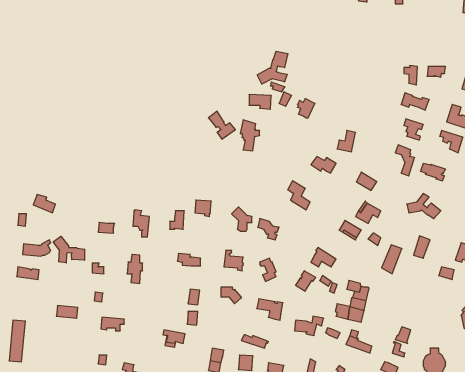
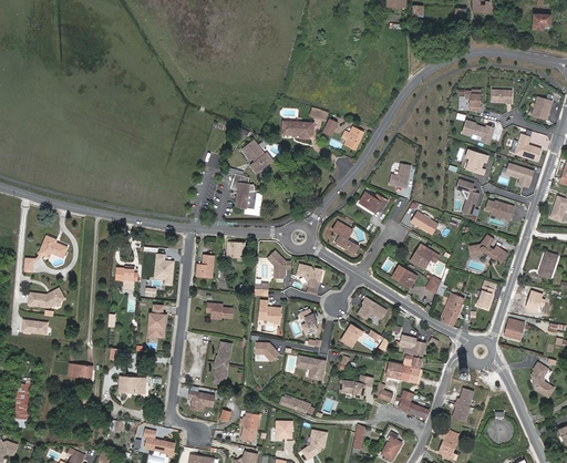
building: [257,51,288,84] -> none
building: [240,120,260,151] -> [231,173,254,208]
building: [53,236,85,263] -> none

